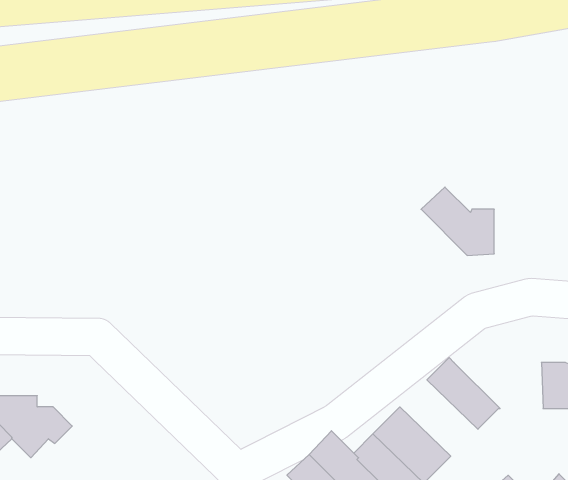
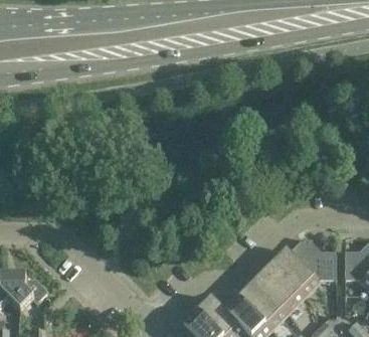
building: [421,187,494,255] -> [289,237,335,281]
building: none -> [254,263,304,311]

